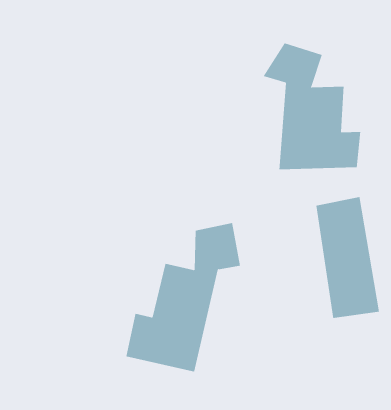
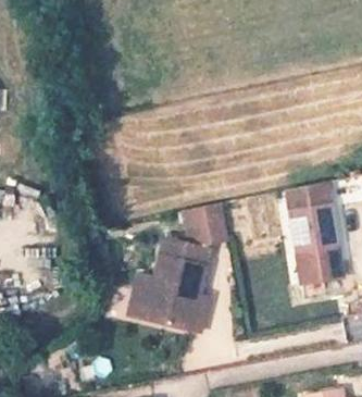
building: [263,43,361,170] -> none

